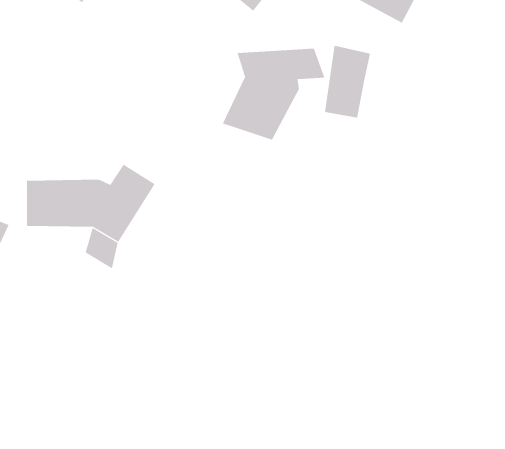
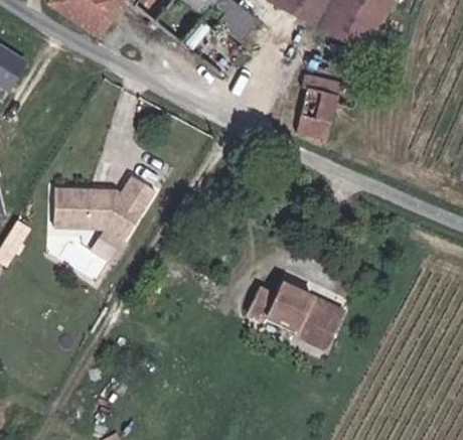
building: [222,48,325,141] -> none
building: none -> [246,275,349,351]

